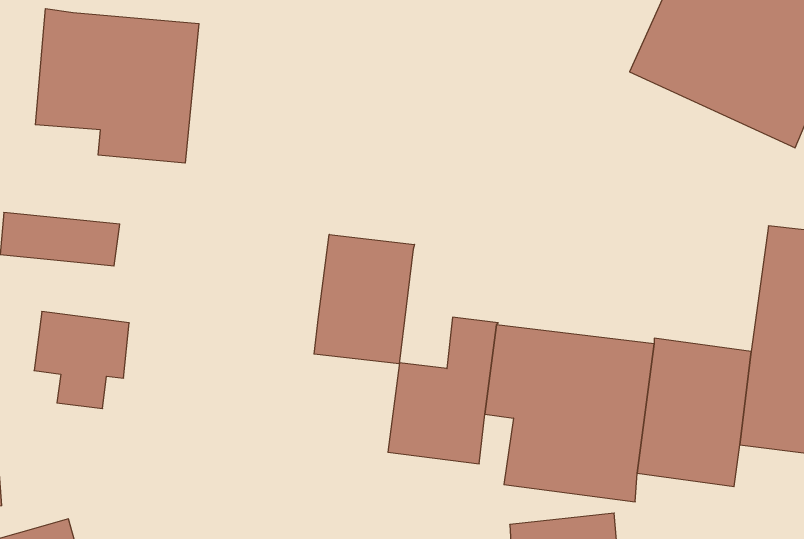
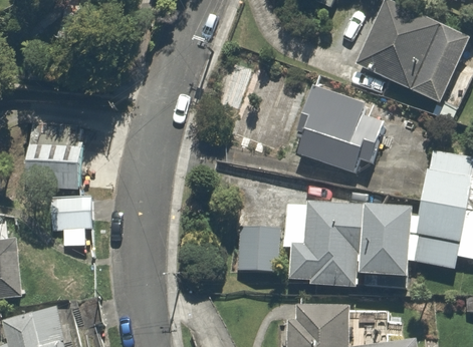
building: [35,9,199,163] -> none
building: none -> [296,77,390,178]
building: [314,234,414,364] -> none

